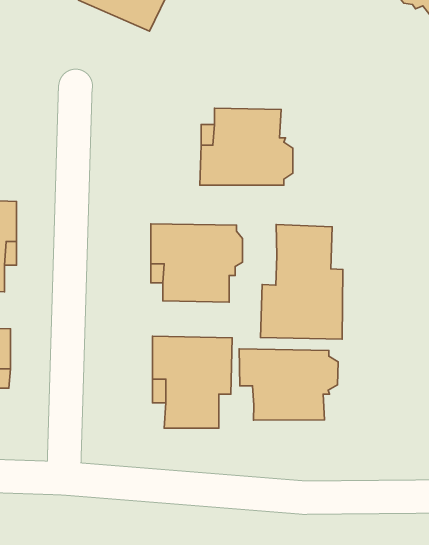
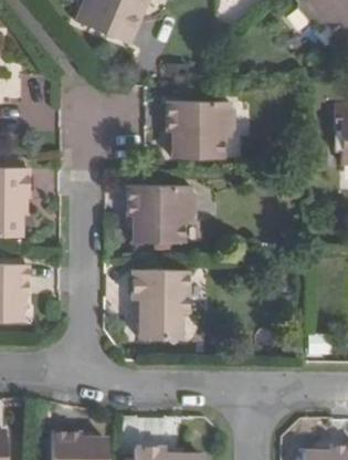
building: [260,225,343,339] -> none
building: [239,349,338,420] -> none

